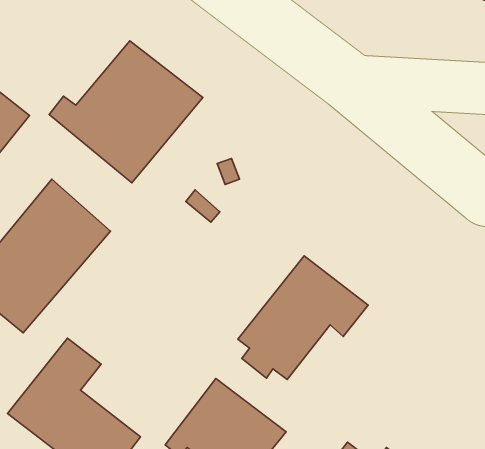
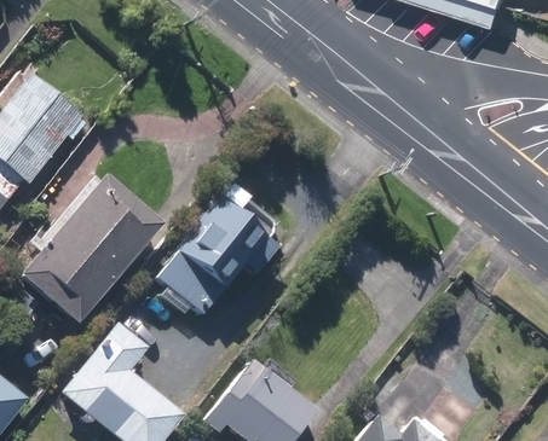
building: [49,41,203,183] -> none
building: [238,256,368,379] -> [162,201,283,315]

